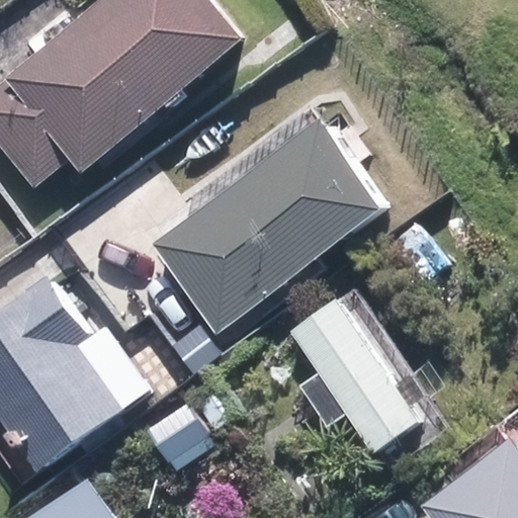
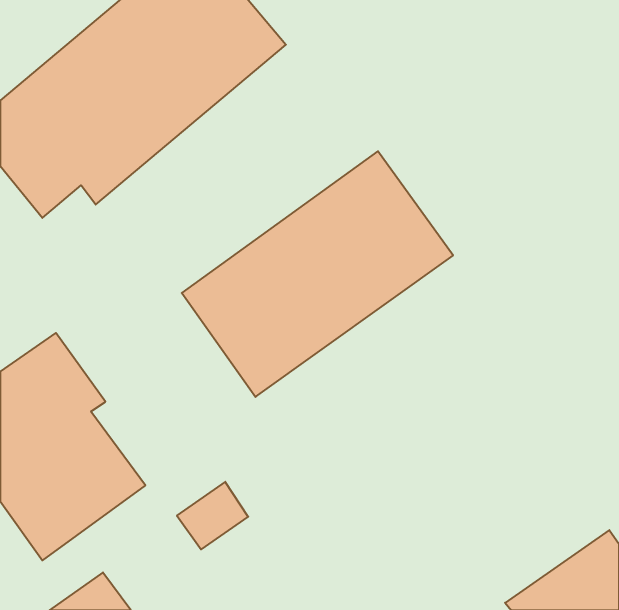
building: [288,298,426,452] -> none

